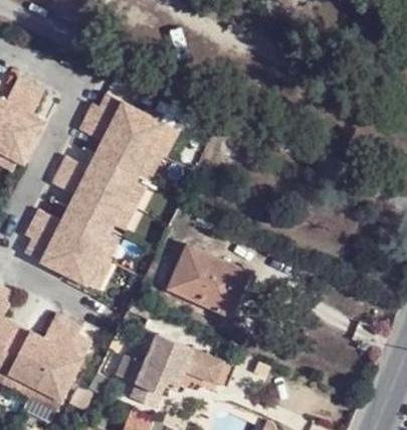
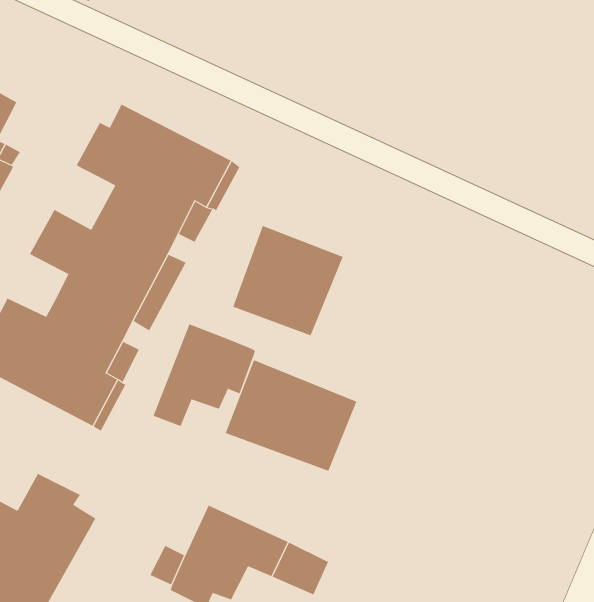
building: none -> [233,225,344,336]
building: none -> [153,323,256,427]

